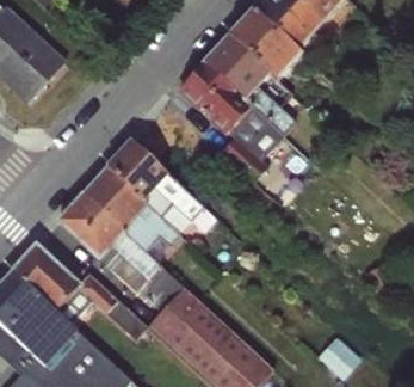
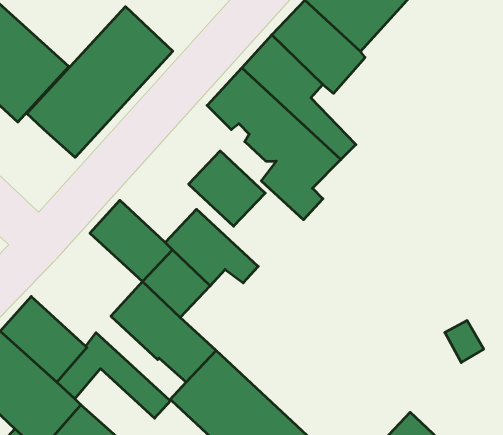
building: none -> [26,7,173,157]
building: [107,140,168,199] -> [189,151,265,226]
building: [58,192,125,258] -> none

